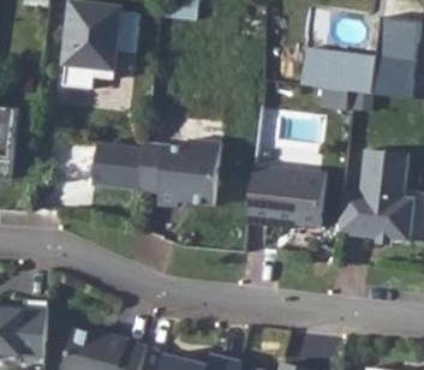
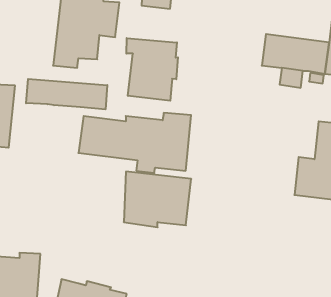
building: none -> [126,38,178,101]
building: none -> [26,79,107,109]
building: [246,165,323,228] -> [124,172,191,227]

